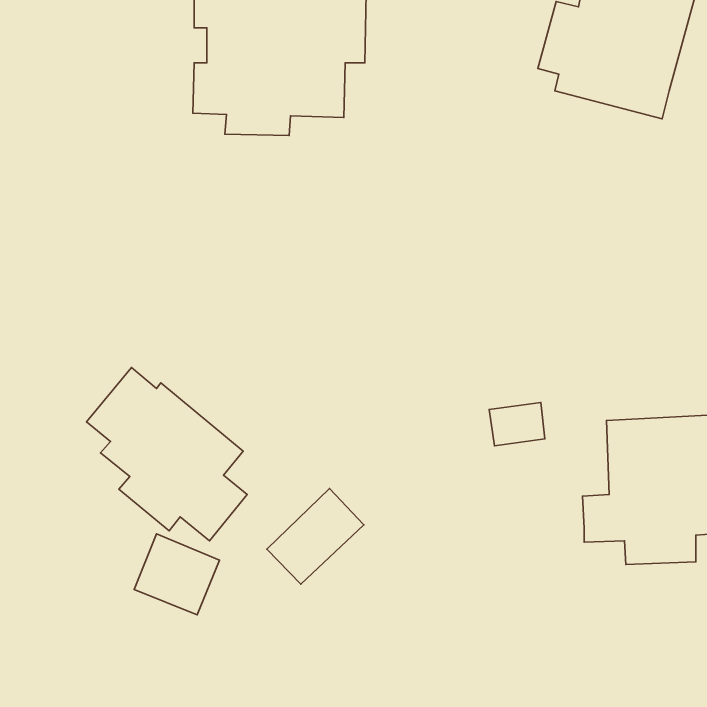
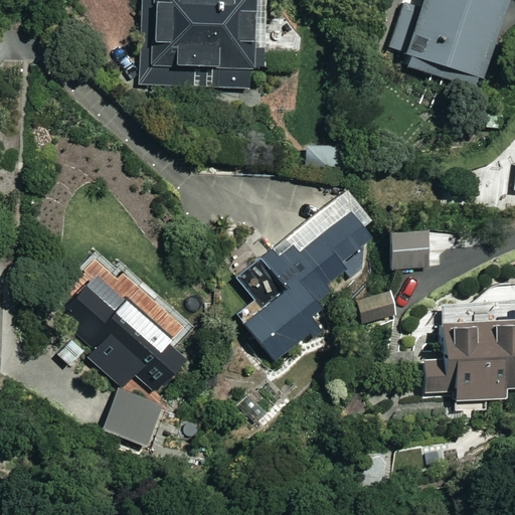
building: none -> [237,187,386,360]
building: none -> [392,227,430,270]
building: [267,489,364,584] -> none

